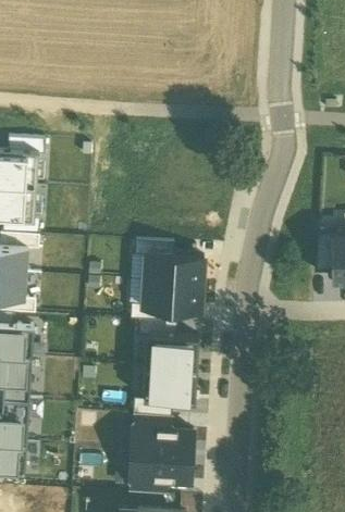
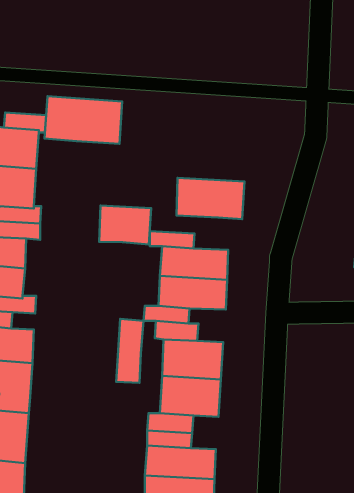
building: none -> [45,96,122,144]
building: none -> [176,178,245,219]
building: none -> [99,206,151,244]
building: none -> [116,319,144,383]

